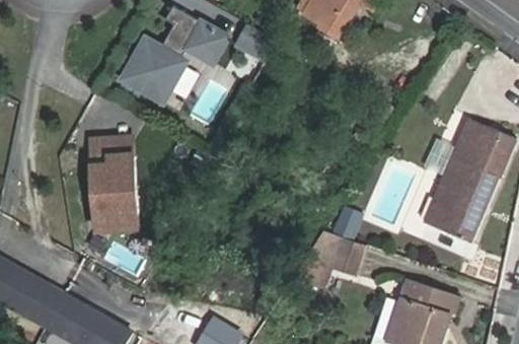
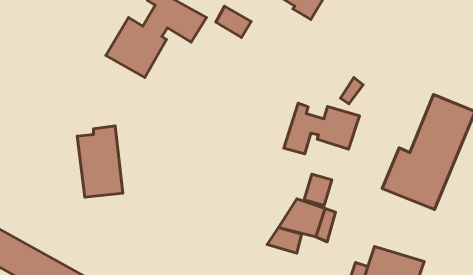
building: none -> [284,103,359,154]
building: [87,133,131,163] -> none

